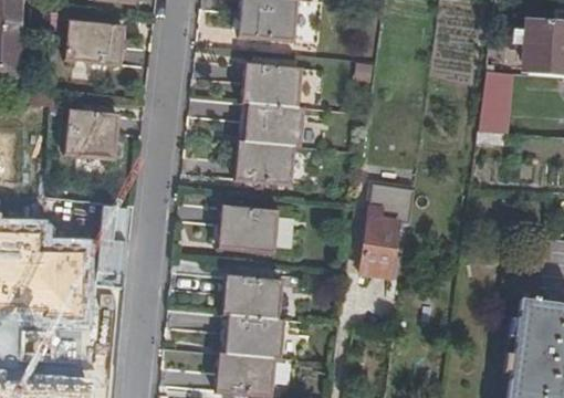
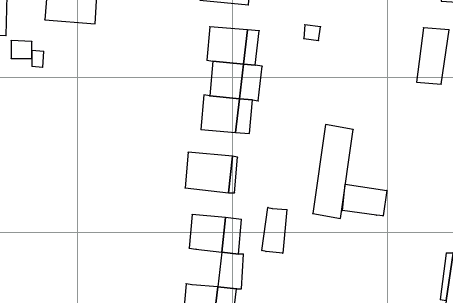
building: [65,109,117,157] -> none
building: none -> [343,184,387,216]
building: none -> [262,207,287,253]
building: [227,315,260,357] -> none

